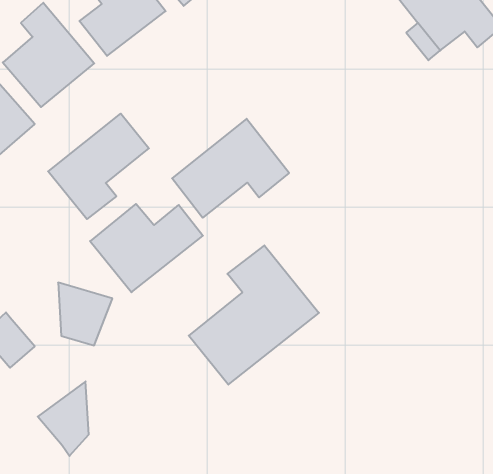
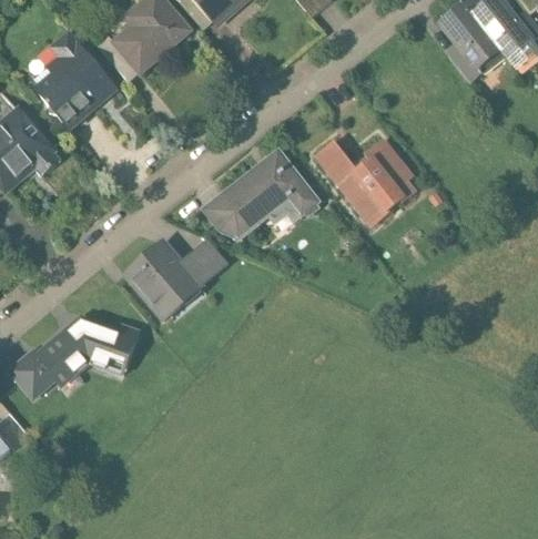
building: none -> [311,135,422,228]
building: [48,114,149,219] -> none
building: [189,245,319,385] -> none
building: [38,381,89,456] -> [32,315,85,393]

